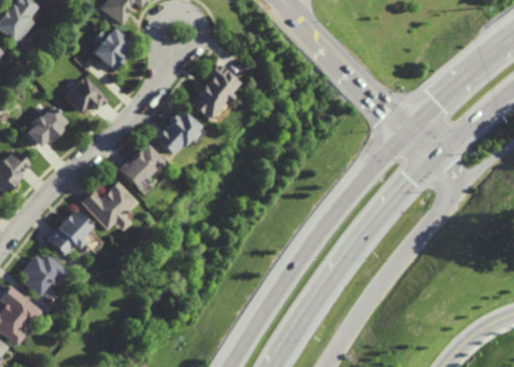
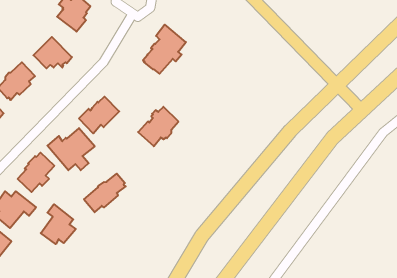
building: [154,111,200,156] -> [138,107,178,146]
building: none -> [84,174,126,212]
building: none -> [41,204,76,244]

